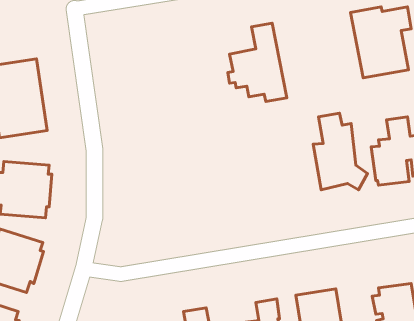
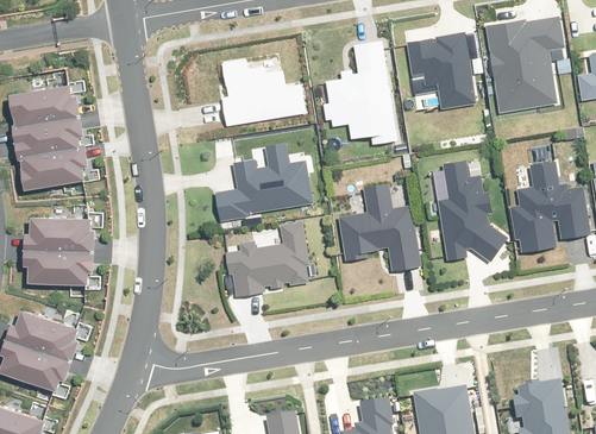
building: none -> [407,31,478,108]
building: none -> [222,57,306,125]
building: none -> [214,141,315,220]
building: none -> [337,181,424,273]
building: none -> [227,220,313,296]

